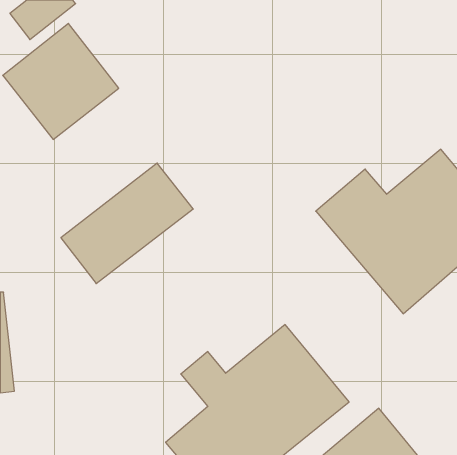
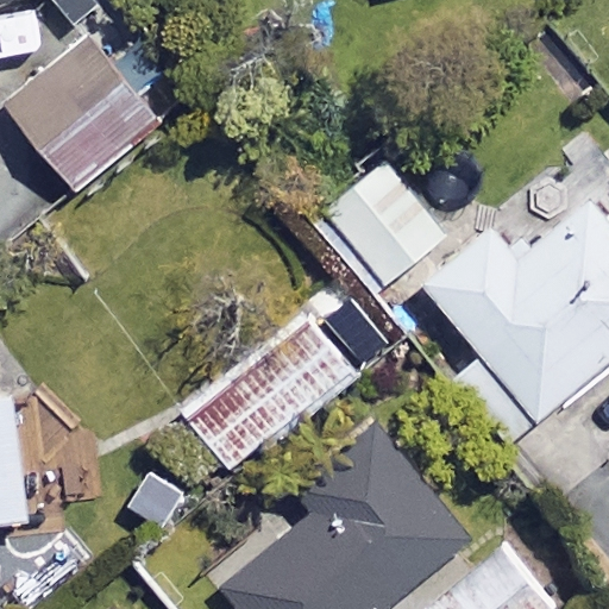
building: none -> [313,163,446,296]
building: [61,163,193,284] -> [178,309,353,469]

